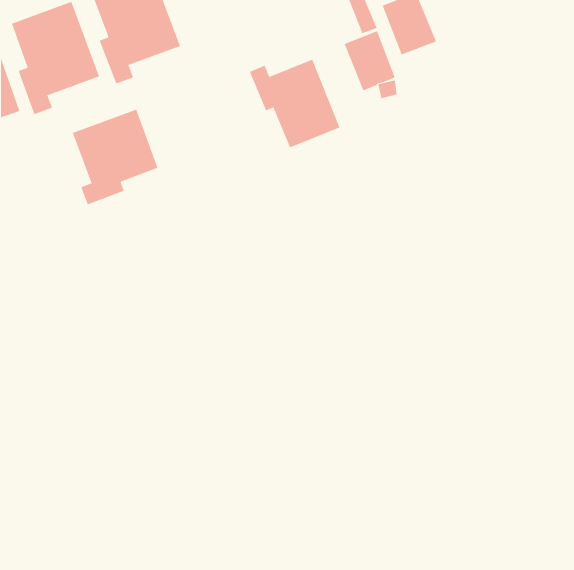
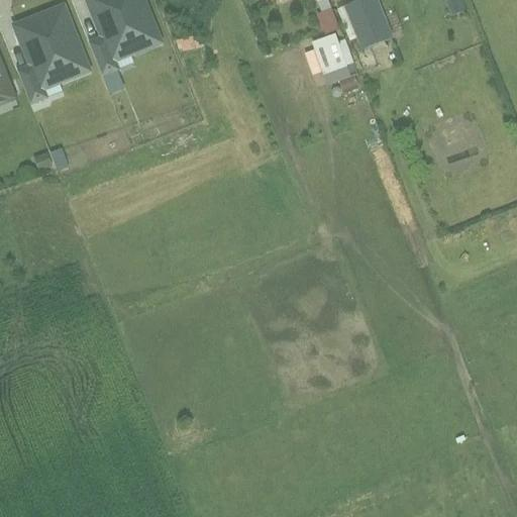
building: [249,59,340,148] -> none
building: [72,109,158,205] -> none

